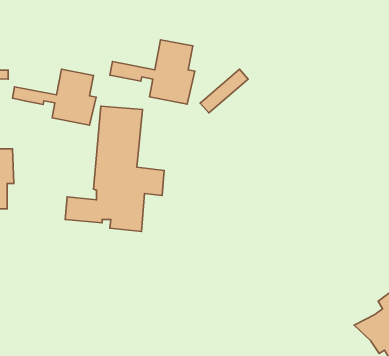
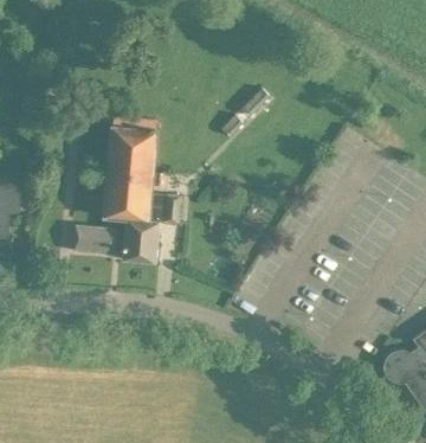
building: [110,40,195,104] -> none
building: [12,69,96,125] -> none

